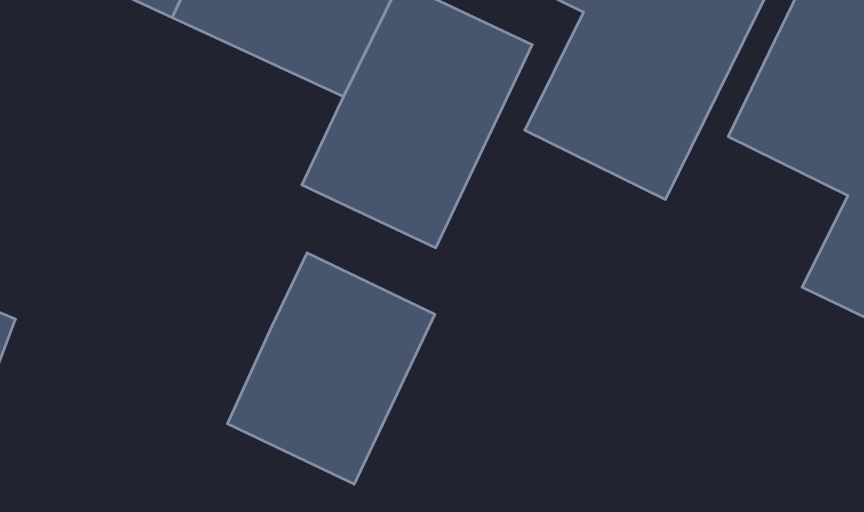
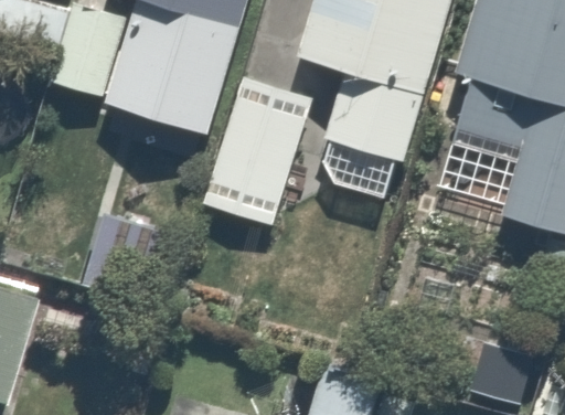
building: [228,253,435,484] -> none

